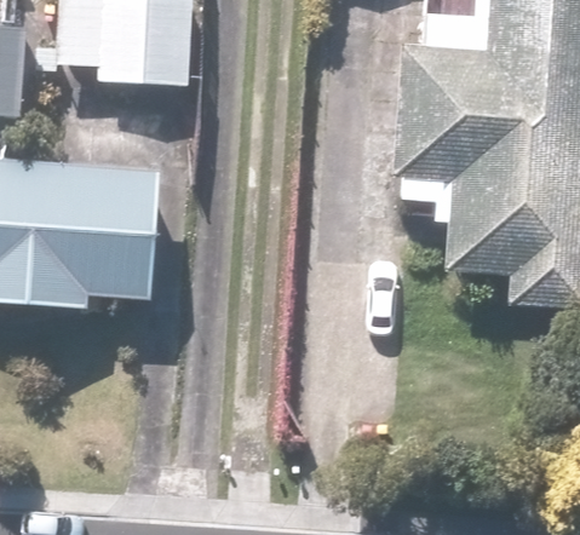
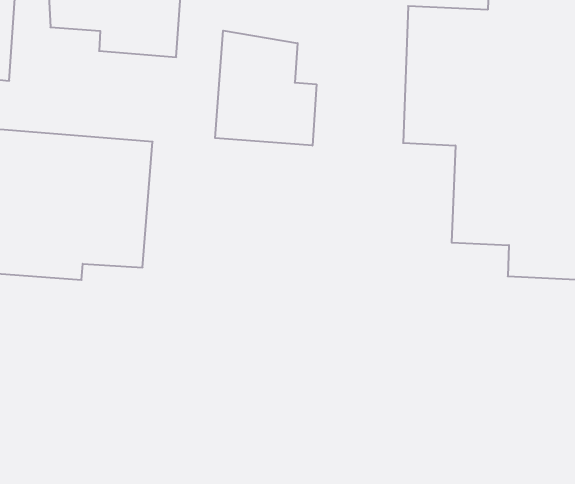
building: none -> [215,31,316,146]

